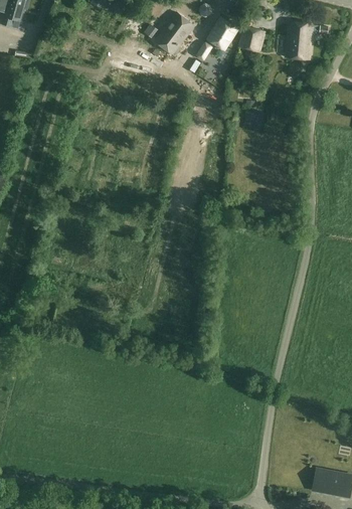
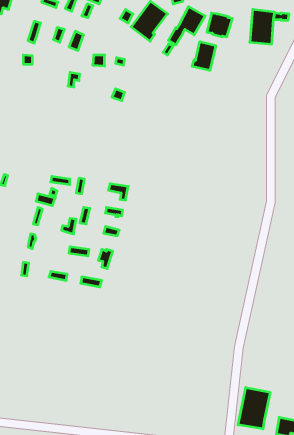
building: none -> [192,42,216,70]
building: none -> [238,387,270,429]

